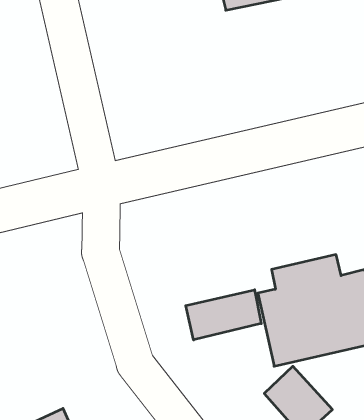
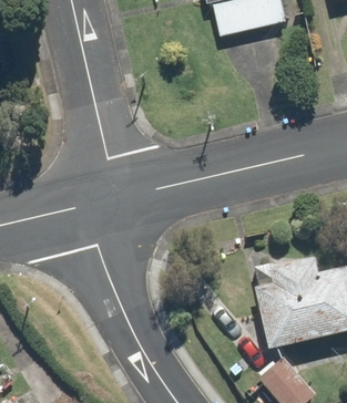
building: [186,290,261,340] -> none

